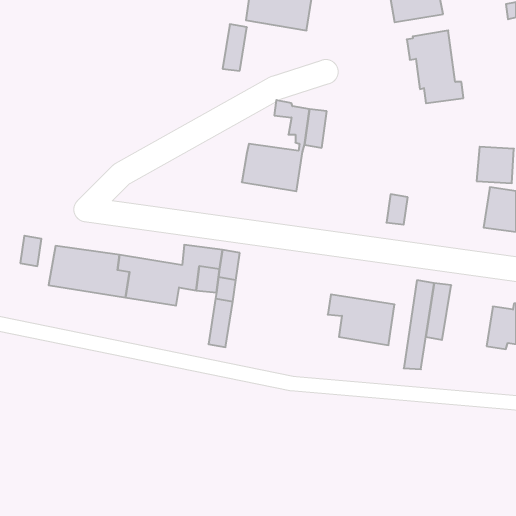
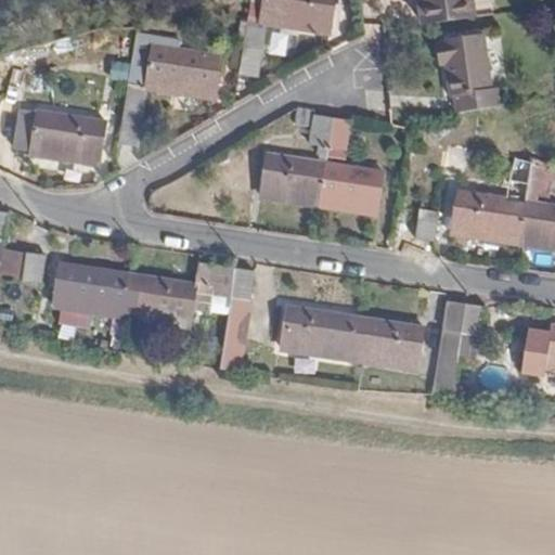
building: none -> [118,30,217,146]
building: none -> [11,107,106,165]
building: none -> [318,163,383,214]
building: none -> [450,191,525,244]
building: none -> [280,306,366,361]

